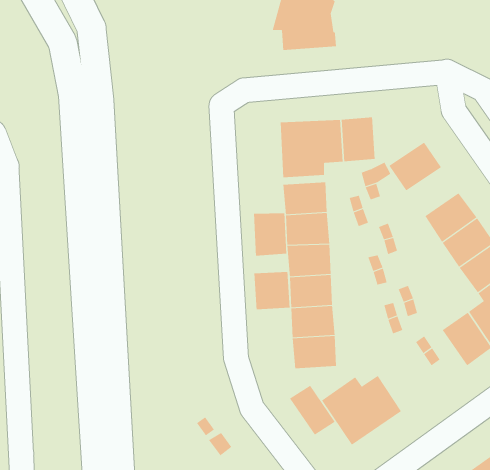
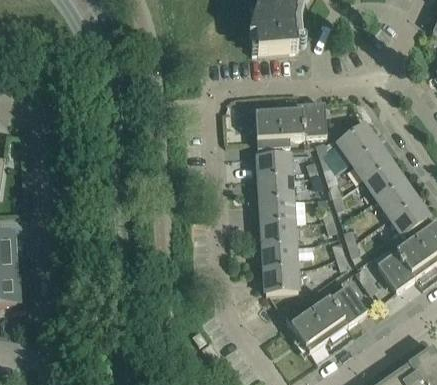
building: none -> [350,141,390,178]
building: [254,212,287,257] -> none
building: [254,271,290,310] -> none
building: none -> [329,284,367,325]
building: [289,385,336,435] -> none

